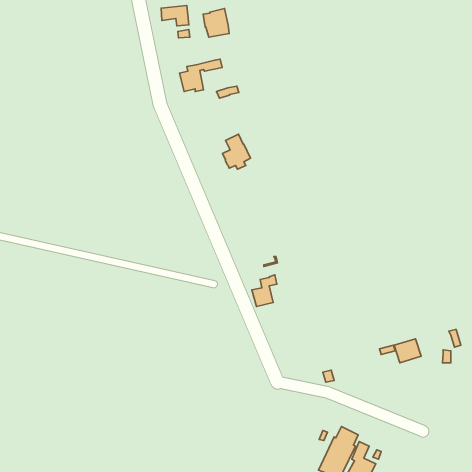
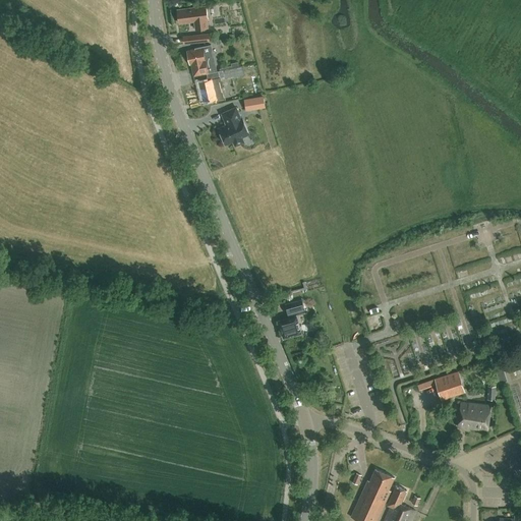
building: [203,9,229,37] -> [187,45,216,76]
building: [223,134,250,169] -> [218,108,248,147]
building: none -> [457,404,489,430]

